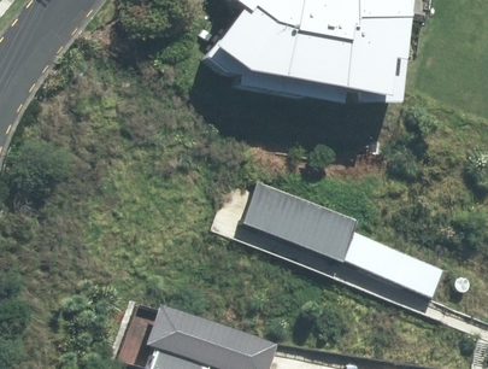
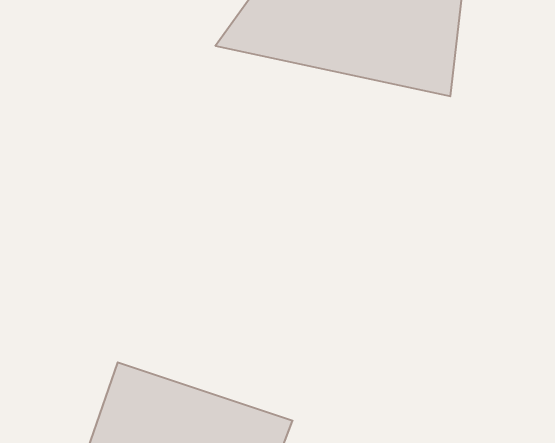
building: [249,175,453,294] -> none

